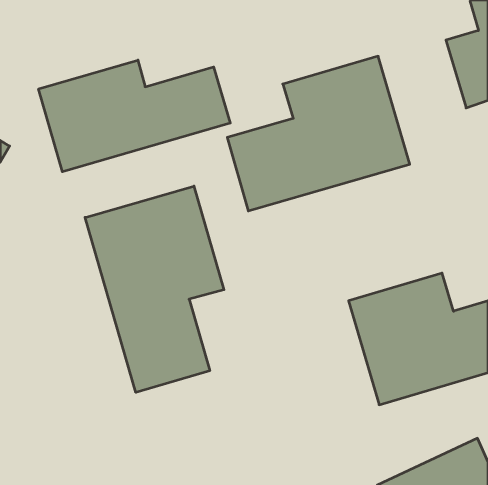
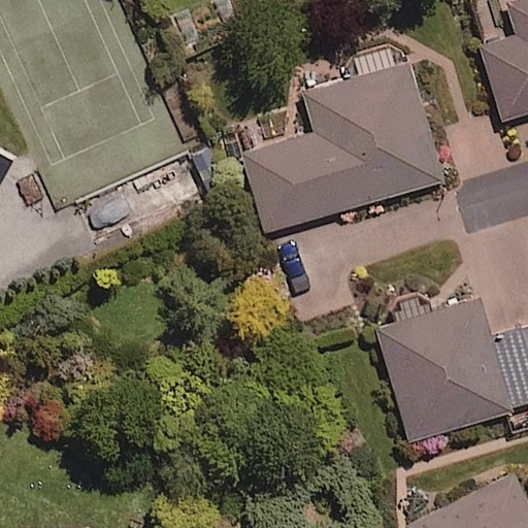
building: [39,60,230,172] -> none
building: [85,186,224,392] -> none

